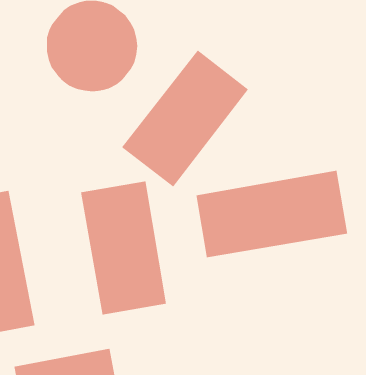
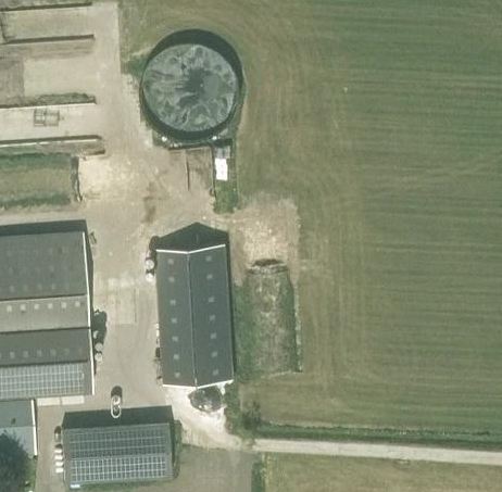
building: [121,49,249,188] -> none
building: [196,170,348,258] -> none

